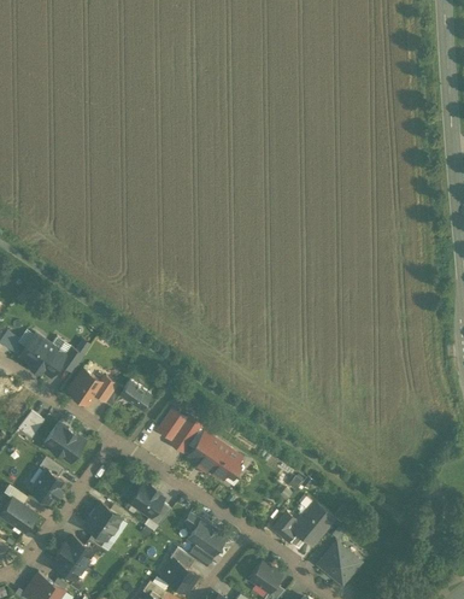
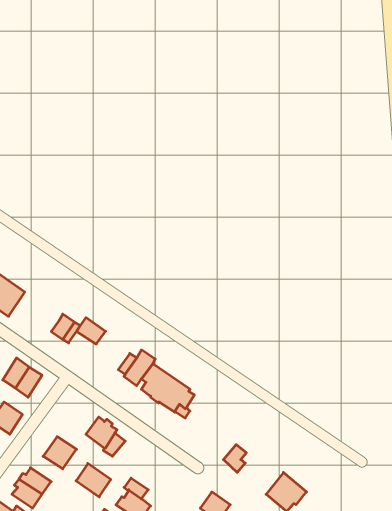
building: [69,369,102,404] -> none
building: [292,501,334,545] -> none
building: [189,521,225,556] -> [76,463,111,497]

